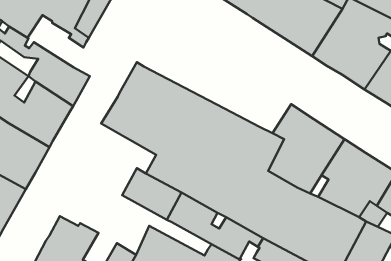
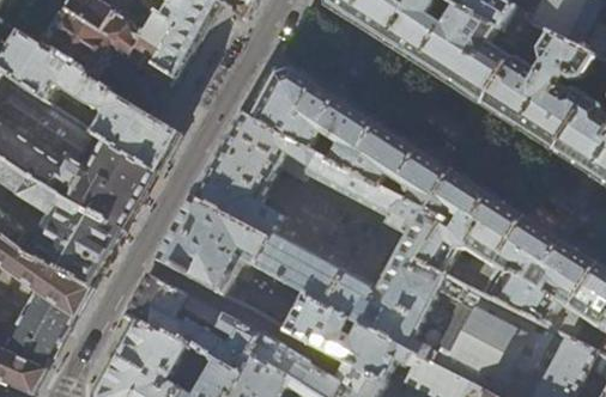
building: none -> [253,68,454,209]
building: none -> [158,196,269,294]
building: none -> [125,274,260,375]

